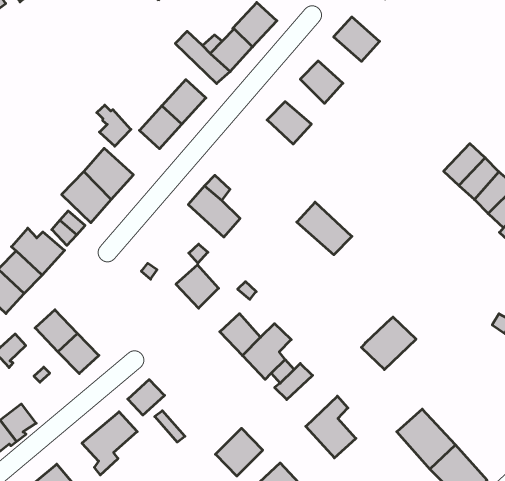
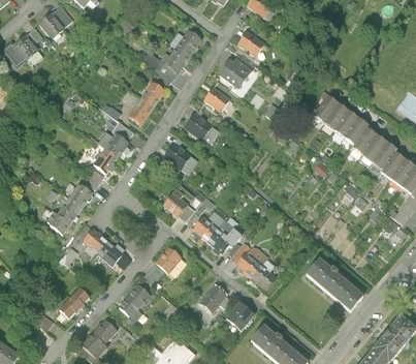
building: [297,202,352,255] -> [185,113,219,143]
building: [361,317,416,370] -> [236,246,268,278]
building: none -> [155,246,183,274]

